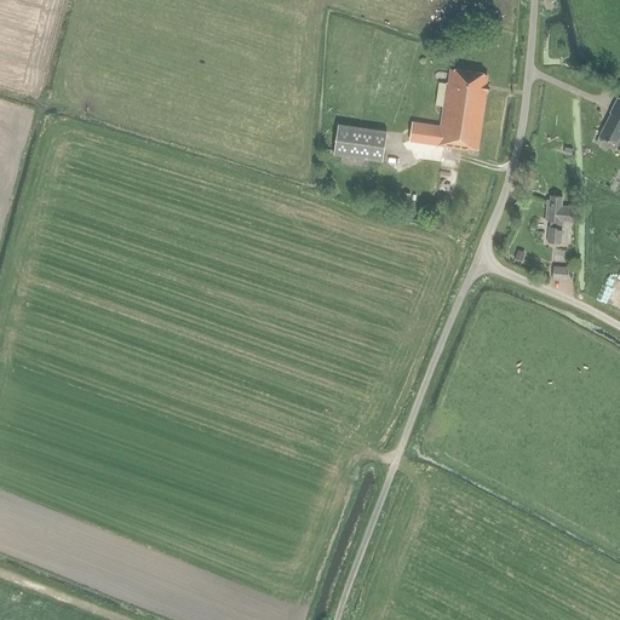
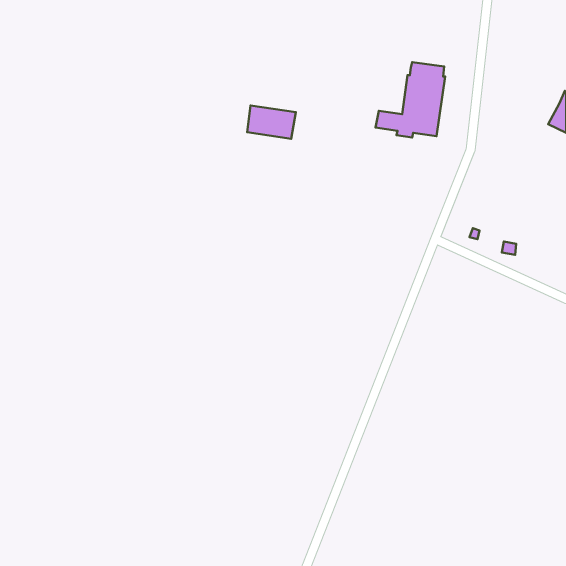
building: [334,122,388,159] -> [247,105,296,139]
building: [545,194,570,241] -> none

